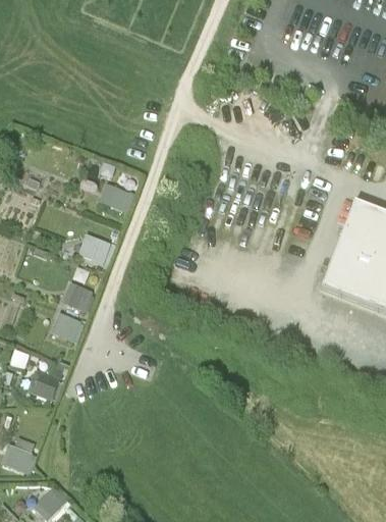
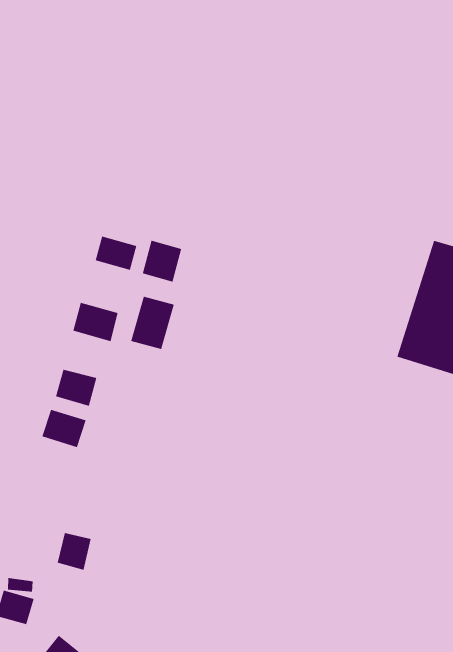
building: none -> [142,240,182,282]
building: none -> [130,296,174,350]
building: [31,370,58,400] -> [57,533,92,570]

